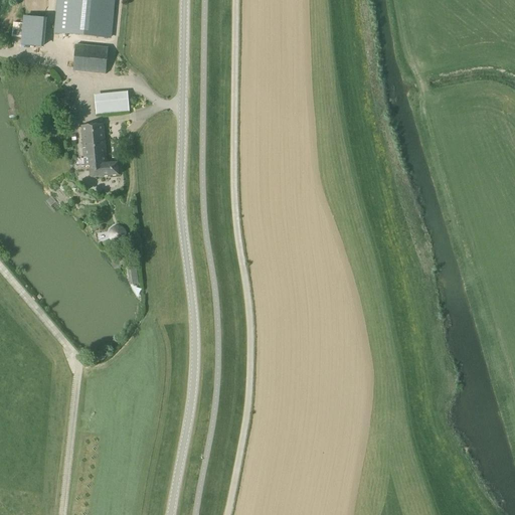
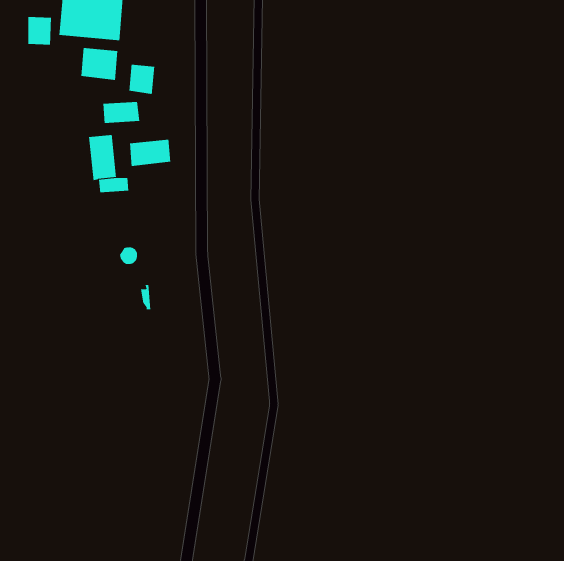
building: none -> [129,64,155,95]
building: none -> [130,139,171,167]

